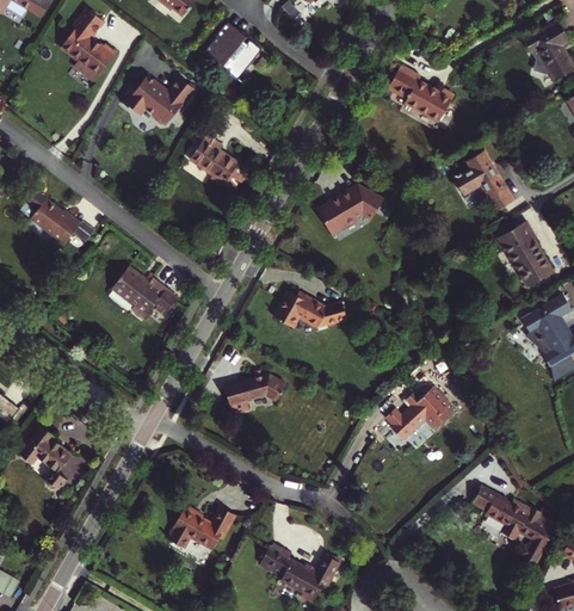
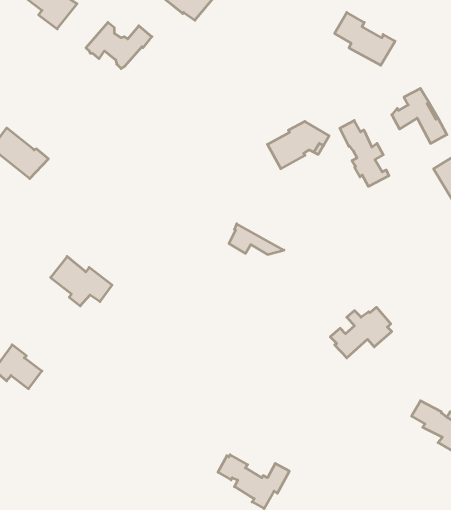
building: [187,131,246,192] -> none
building: none -> [340,120,389,186]
building: [118,276,185,329] -> [51,256,112,306]
building: [284,291,345,323] -> none
building: [226,375,286,415] -> none
building: [169,507,237,551] -> none

